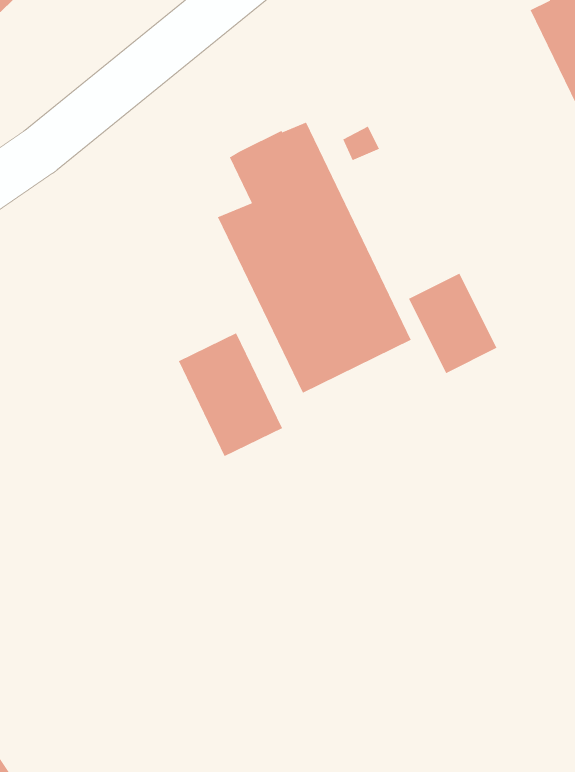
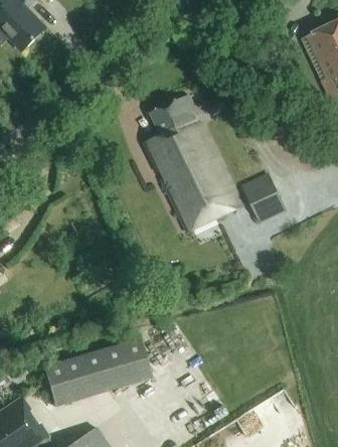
building: [178,332,283,457] -> none
building: none -> [42,337,152,407]

